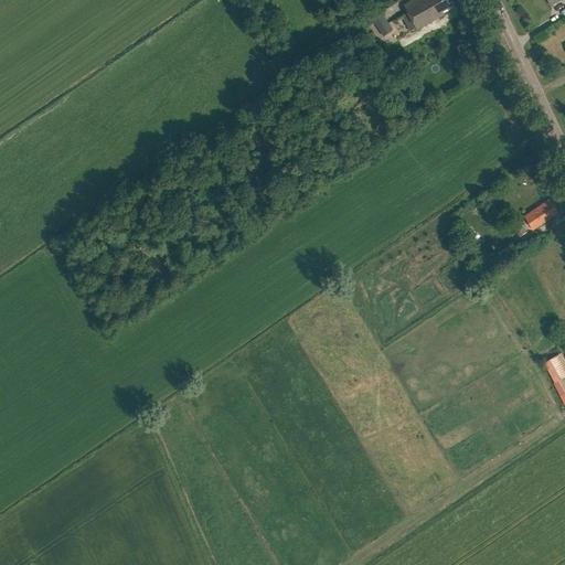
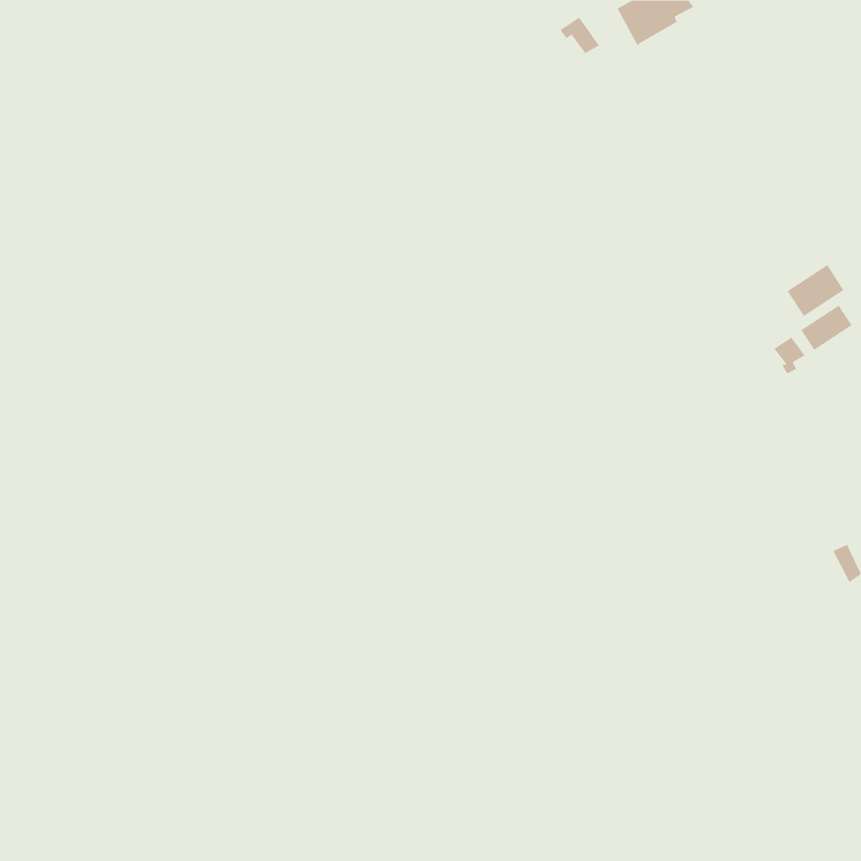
building: none -> [787,264,844,317]

